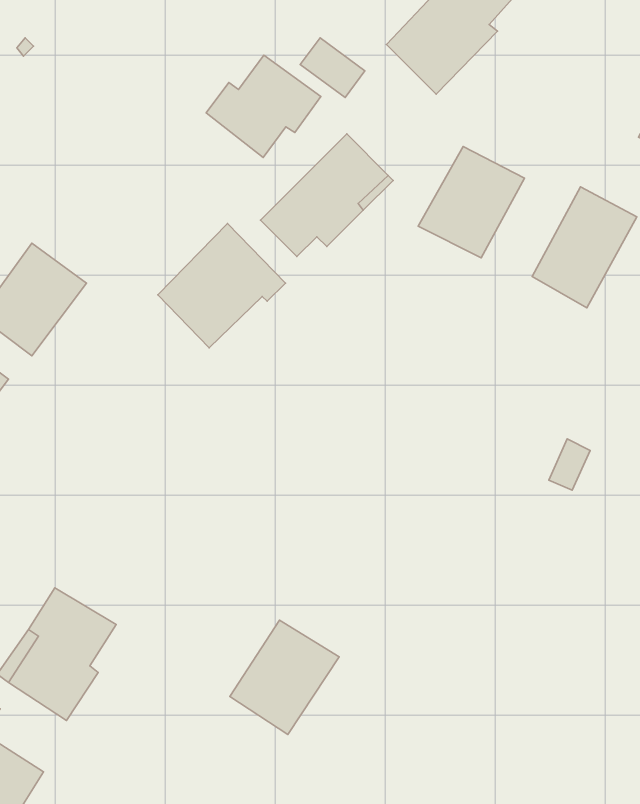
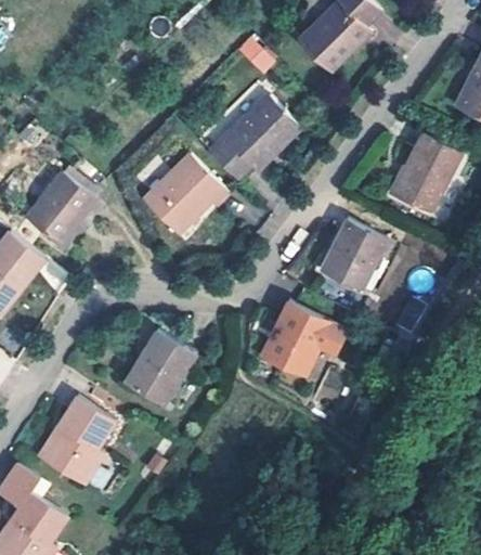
building: [206,55,321,157] -> none
building: [418,147,524,258] -> [318,217,388,289]
building: none -> [263,298,341,373]
building: [230,620,339,735] -> [126,335,197,410]

